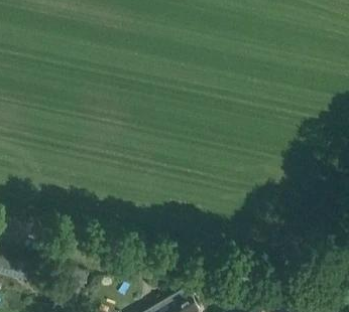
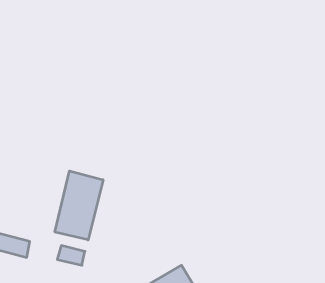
building: none -> [55,171,103,240]

